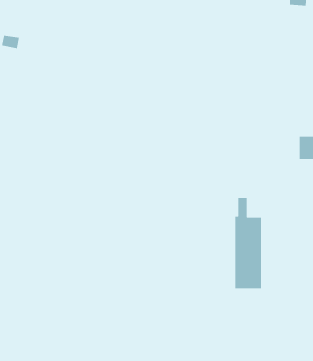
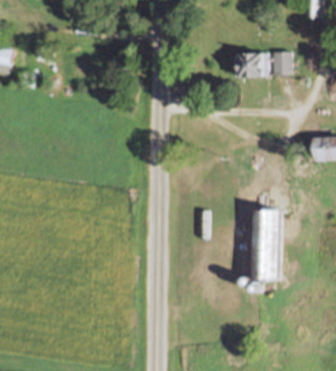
building: none -> [273,50,292,75]
building: none -> [235,53,269,78]

